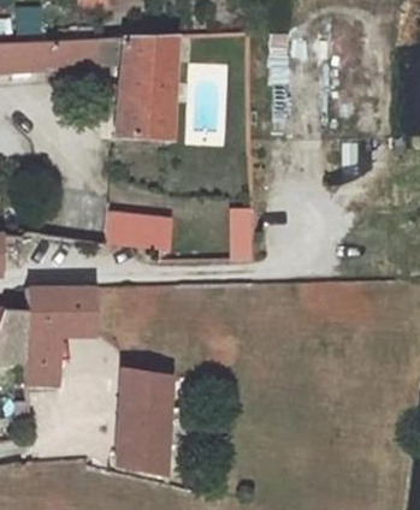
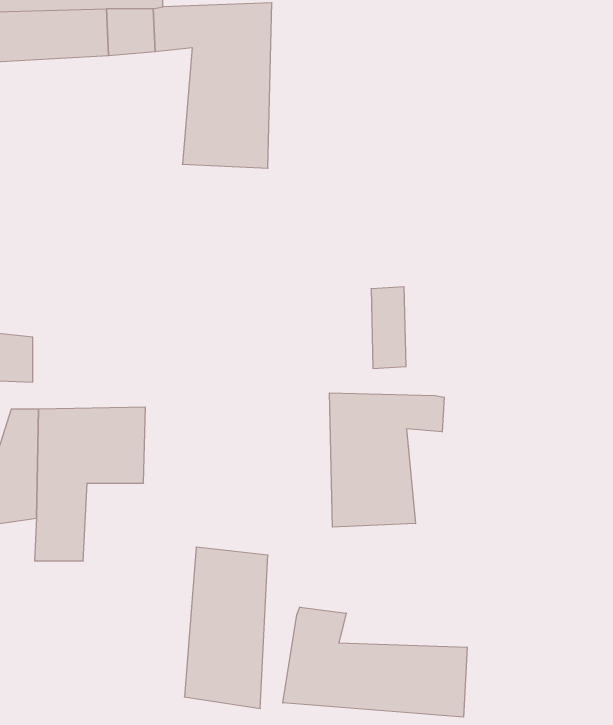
building: [103,217,167,254] -> none
building: none -> [329,393,444,527]
building: none -> [283,607,467,717]

